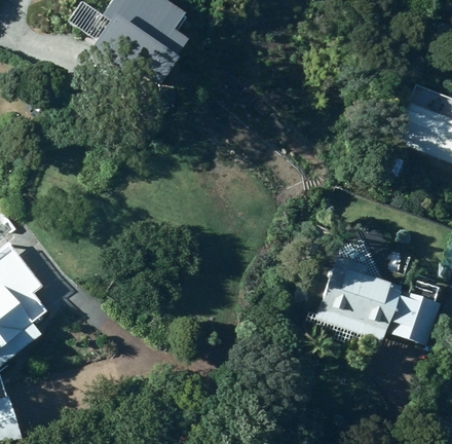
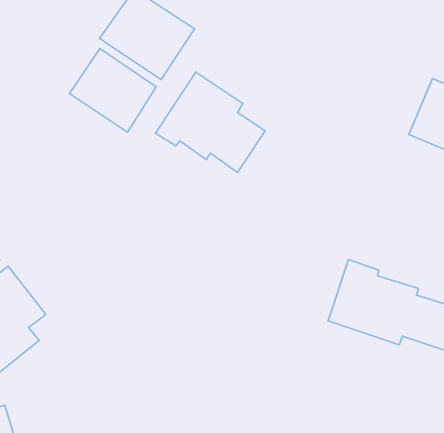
building: none -> [70,49,156,132]
building: none -> [155,72,265,172]

